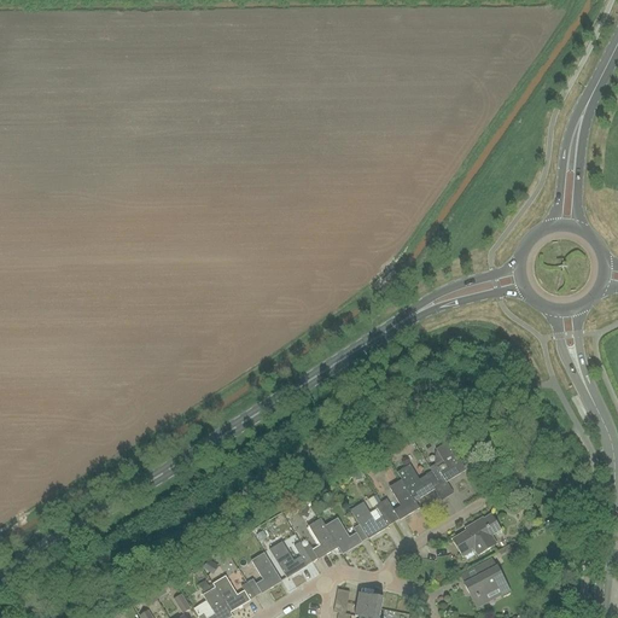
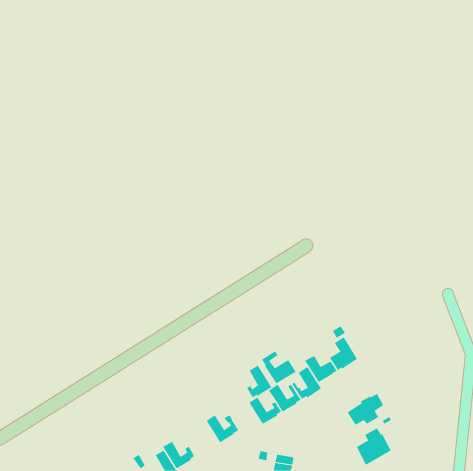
building: none -> [261,350,296,385]
building: [303,517,337,560] -> [246,365,272,398]
building: [246,550,280,594] -> none

